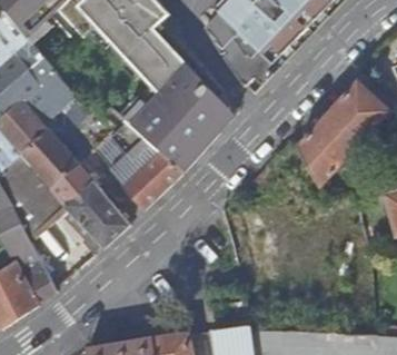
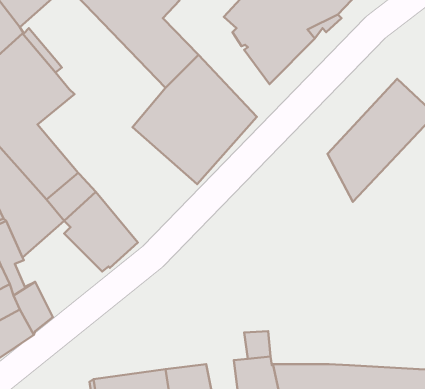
building: [95,124,181,211] -> none

